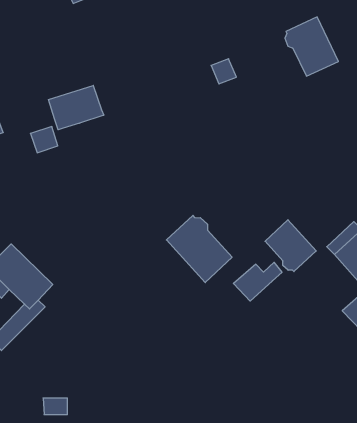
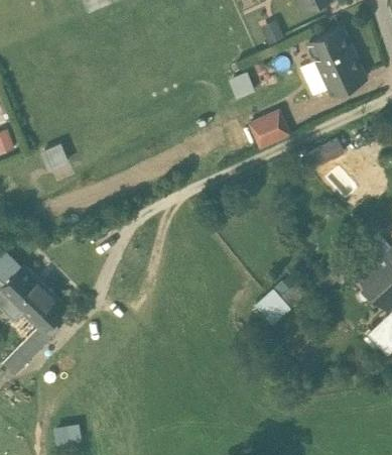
building: [49,85,104,130] -> none
building: none -> [248,113,287,149]
building: [166,215,232,283] -> none
building: [265,220,316,272] -> none

